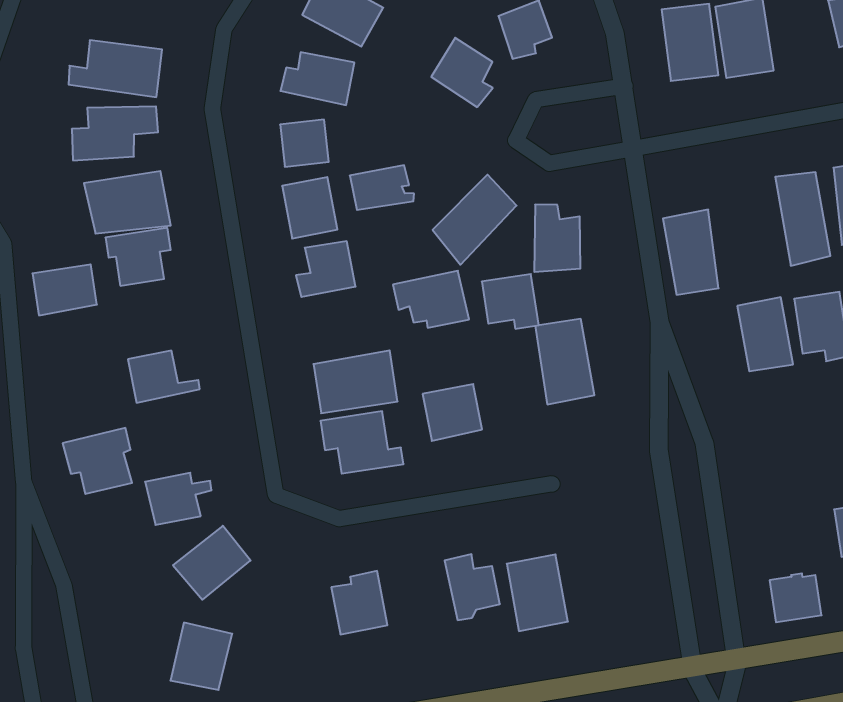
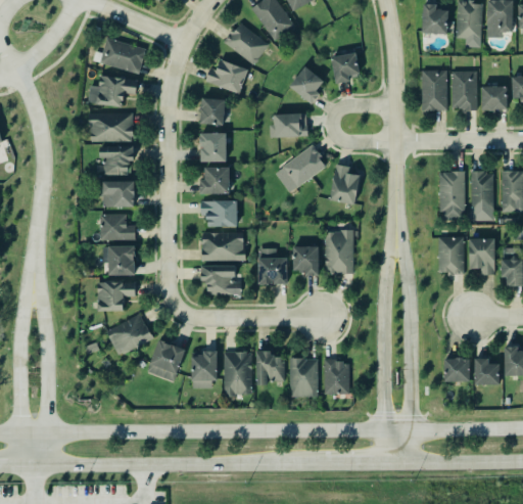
building: none -> [483,88,508,111]
building: [350,165,414,210] -> [276,116,310,136]
building: [663,210,719,295] -> [438,171,464,215]
building: [32,264,97,315] -> [103,182,136,205]
building: [393,271,469,328] -> [200,199,239,228]
building: [482,274,539,329] -> [293,247,321,276]
building: [63,428,132,494] -> [102,242,139,275]
building: none -> [326,358,349,393]
building: none -> [224,351,252,395]
building: [770,573,822,622] -> [443,356,469,380]
building: [170,623,232,690] -> [147,340,185,380]

